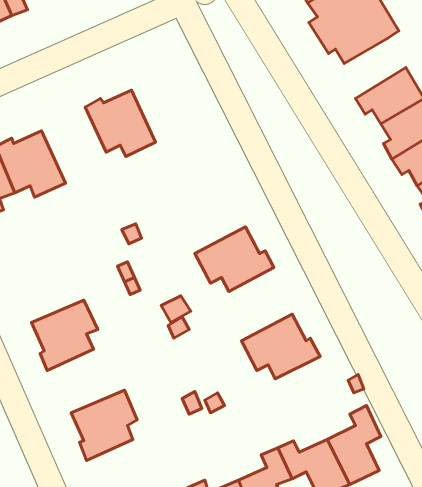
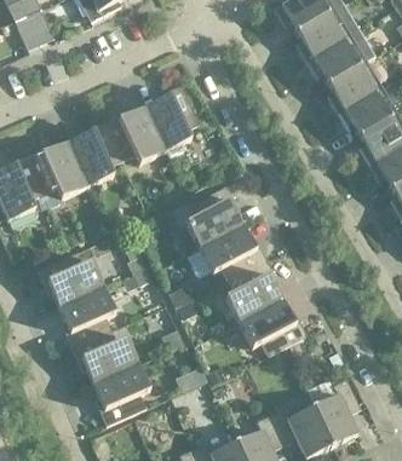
building: none -> [326,62,379,114]
building: none -> [143,85,199,151]
building: none -> [65,121,121,186]
building: none -> [184,184,241,247]
building: none -> [35,252,102,306]
building: none -> [224,259,281,322]
building: none -> [70,329,137,384]

